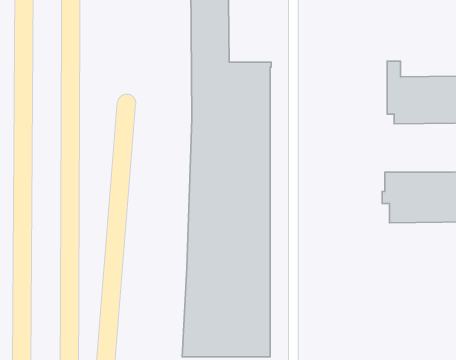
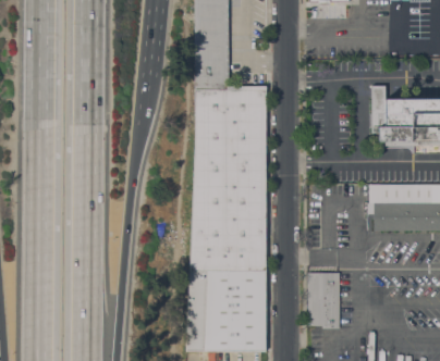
building: none -> [307,272,340,328]

